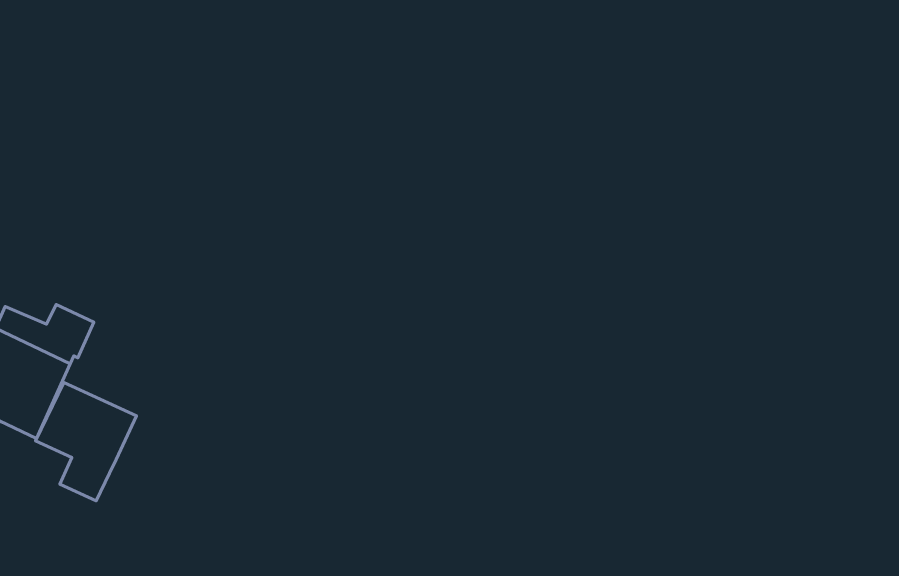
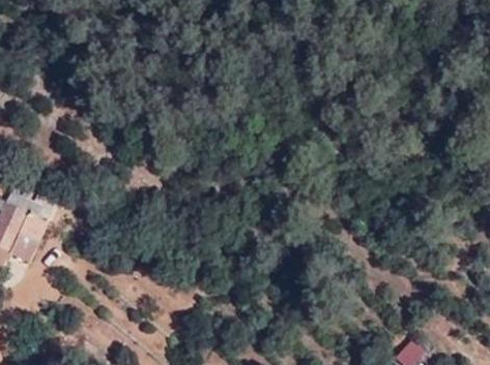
building: [35,383,136,501] -> none

